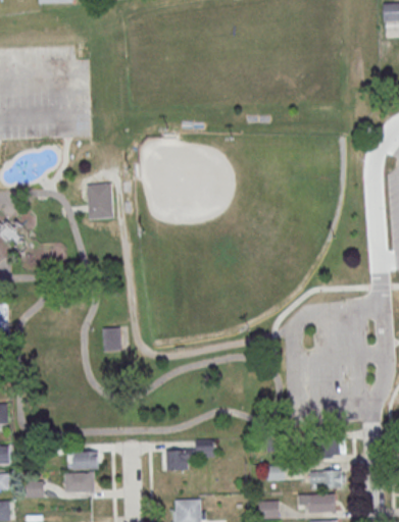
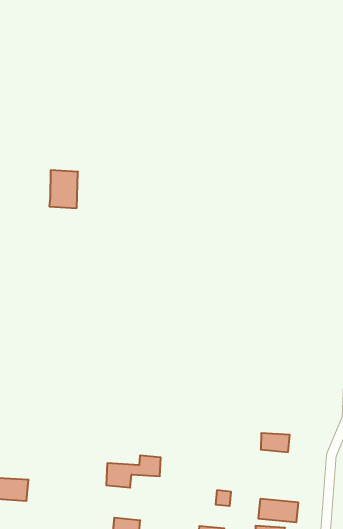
building: [102,328,121,352] -> none
building: [316,440,343,457] -> [261,433,290,452]
building: [72,452,99,469] -> none

